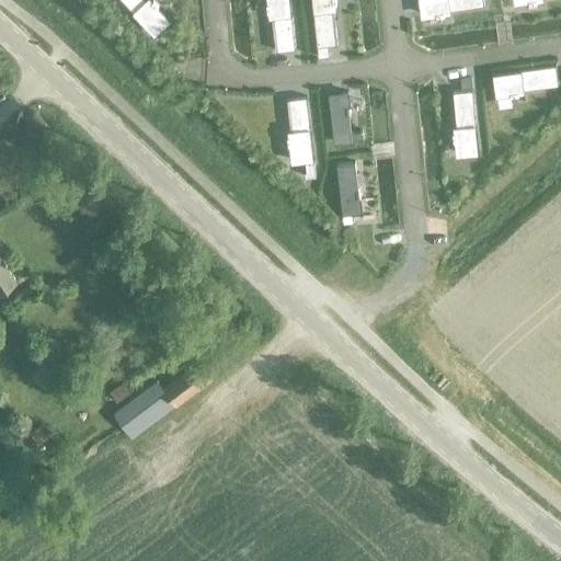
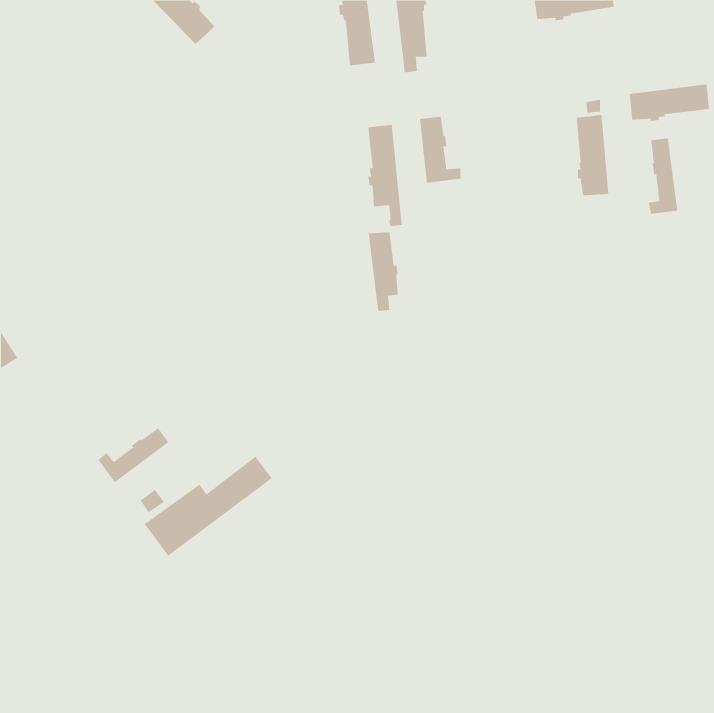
building: none -> [648,138,678,215]
building: [335,163,359,226] -> [368,232,399,311]
building: none -> [98,427,169,483]

